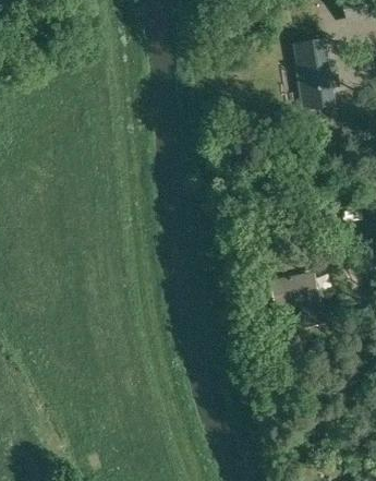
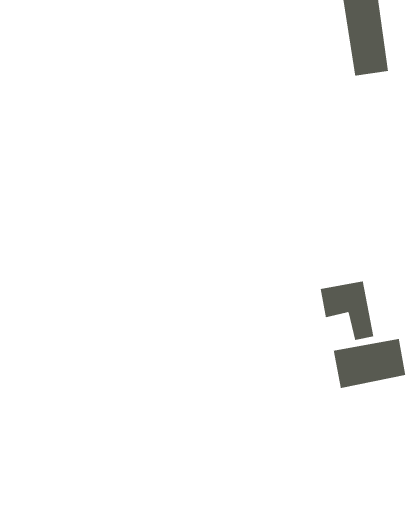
building: none -> [333,338,406,389]

